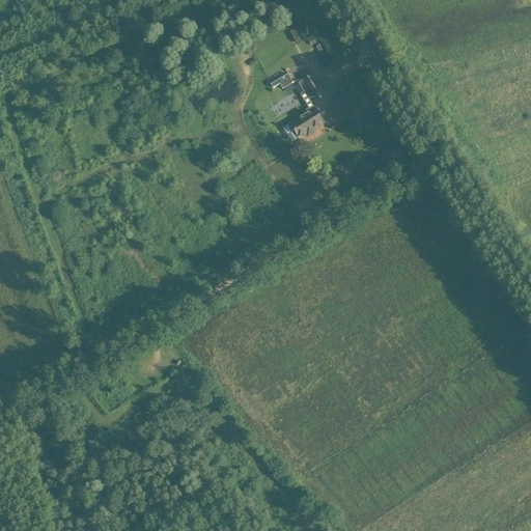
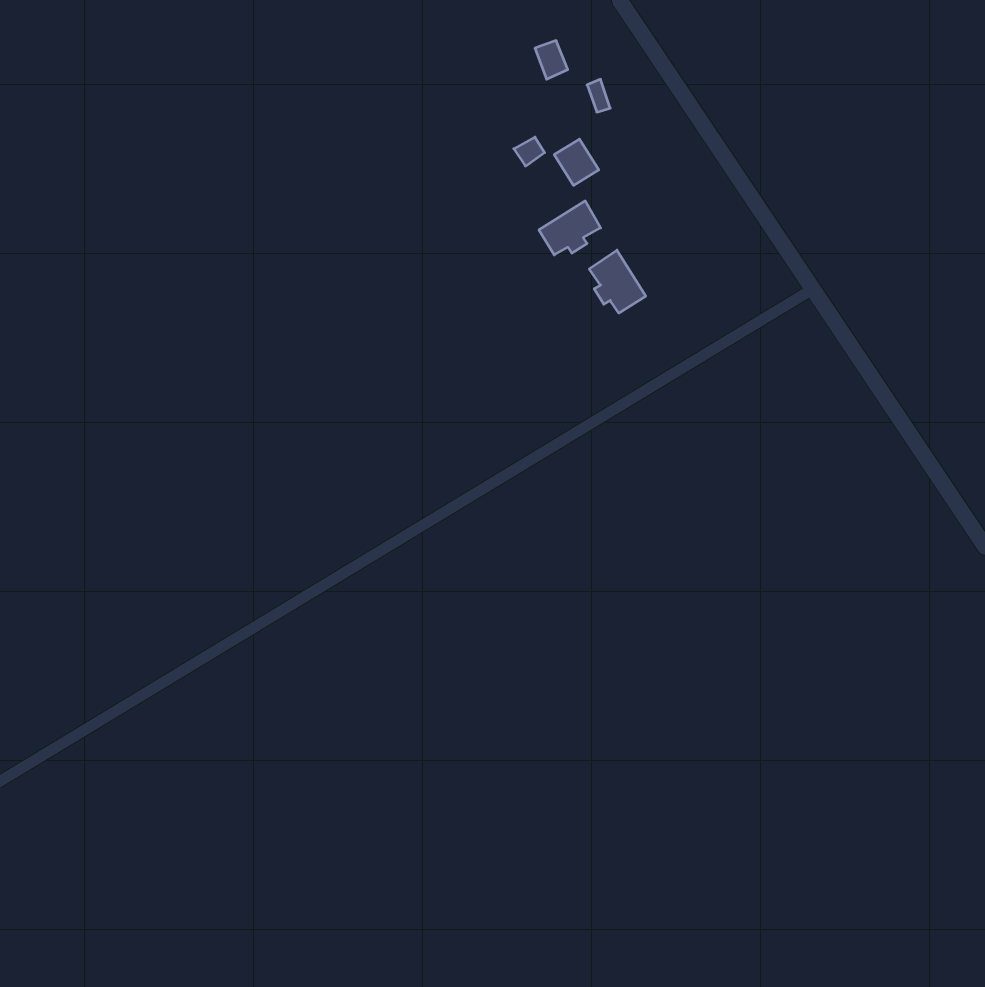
building: none -> [589,250,646,313]

